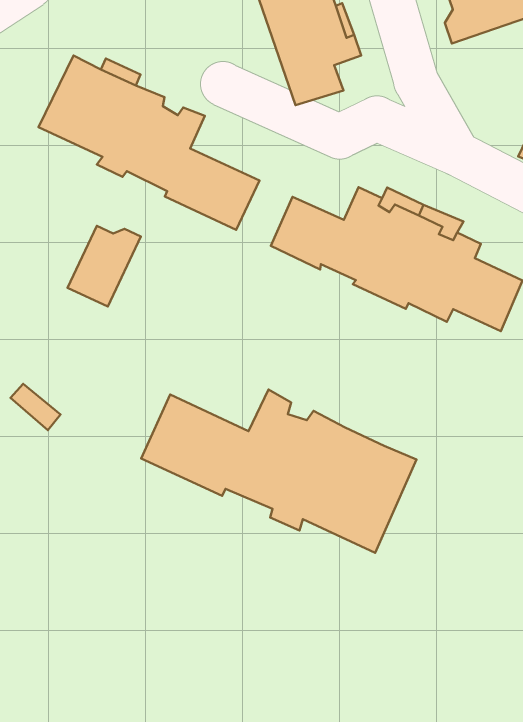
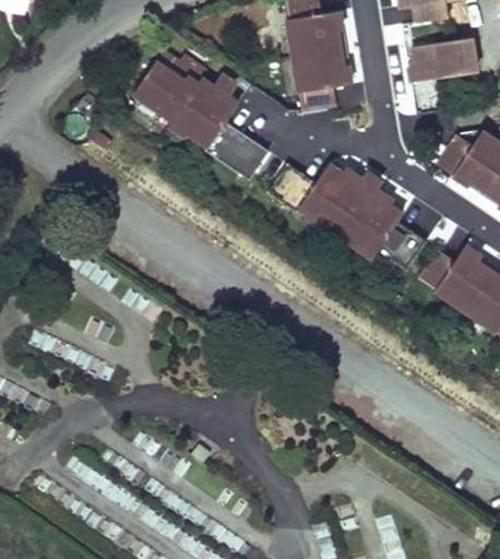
building: [67,226,141,306] -> none
building: [141,390,416,553] -> none

